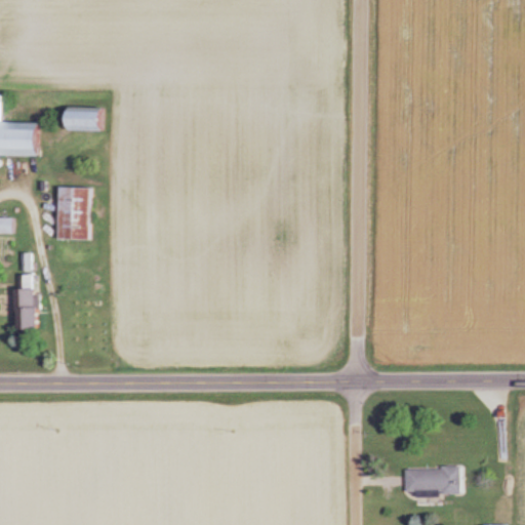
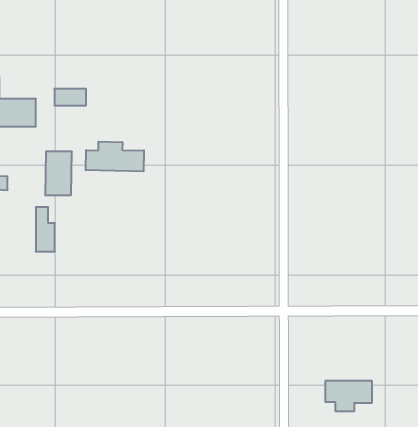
building: none -> [86,142,144,171]
building: [13,274,37,328] -> [36,207,55,252]

